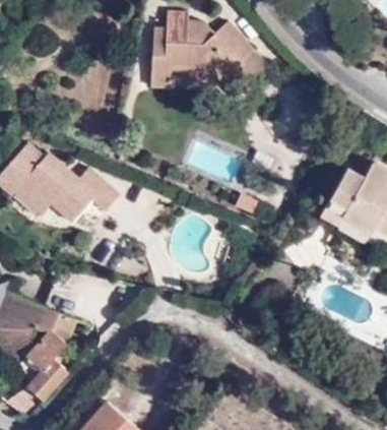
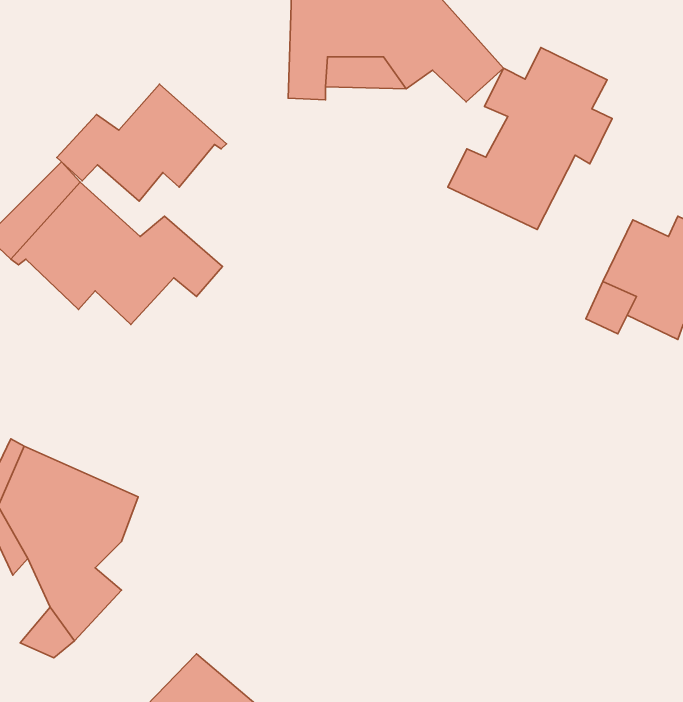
building: none -> [448,48,612,229]
building: none -> [57,84,226,201]

